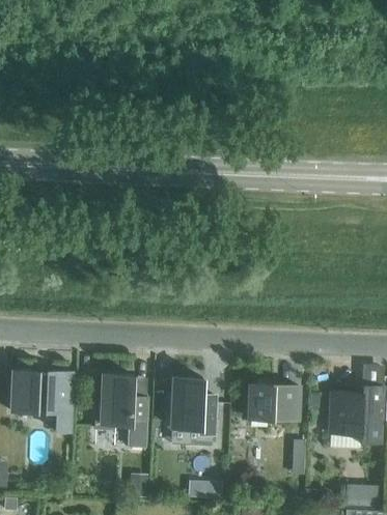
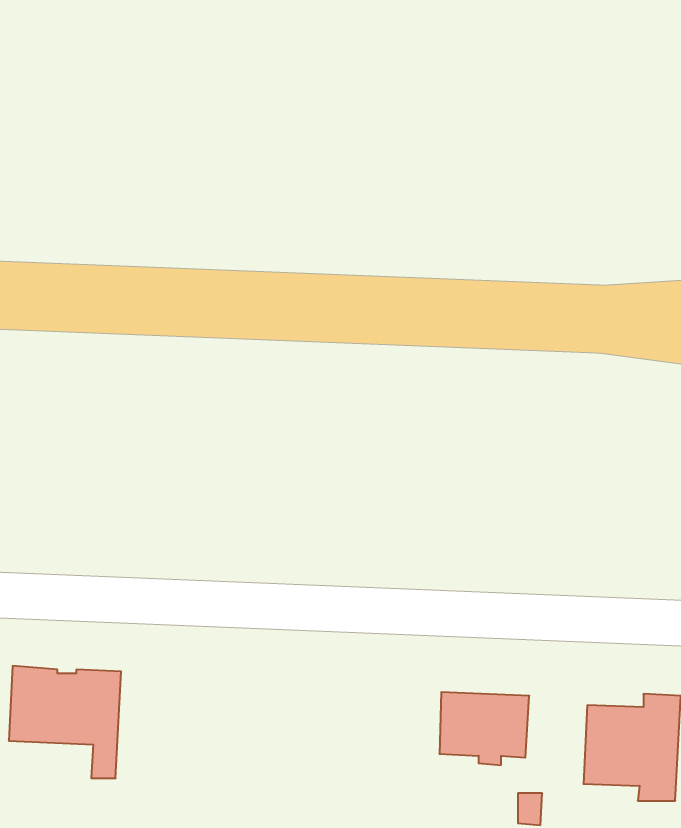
building: [94,374,147,448] -> none
building: [171,377,215,435] -> none

